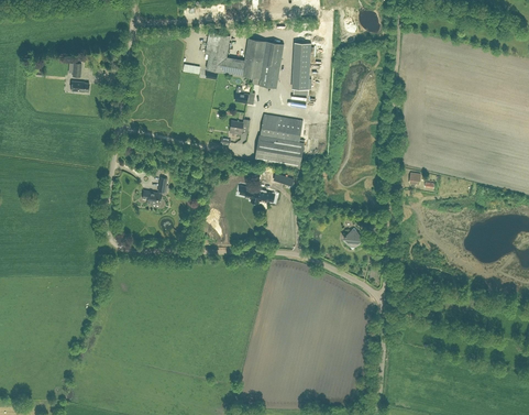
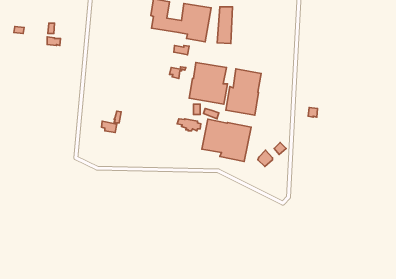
building: none -> [226,69,261,115]
building: none -> [202,119,251,161]

